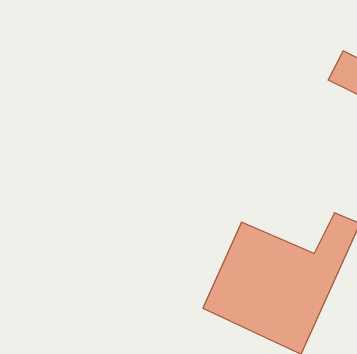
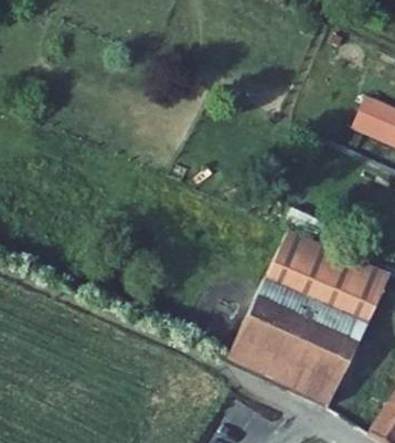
building: none -> [268,229,364,304]

